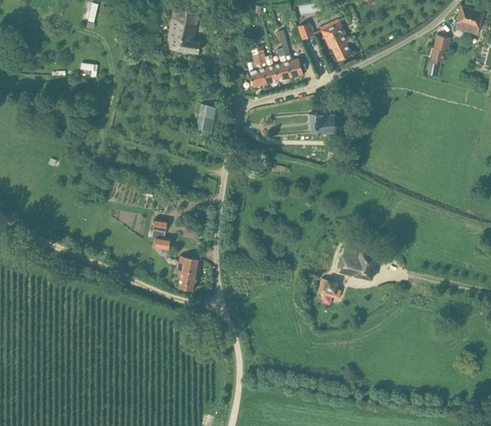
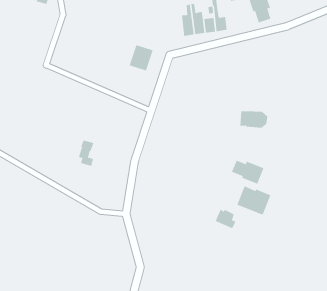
building: [309,113,341,133] -> [240,111,268,128]
building: none -> [231,160,264,185]
building: [180,257,200,289] -> none

